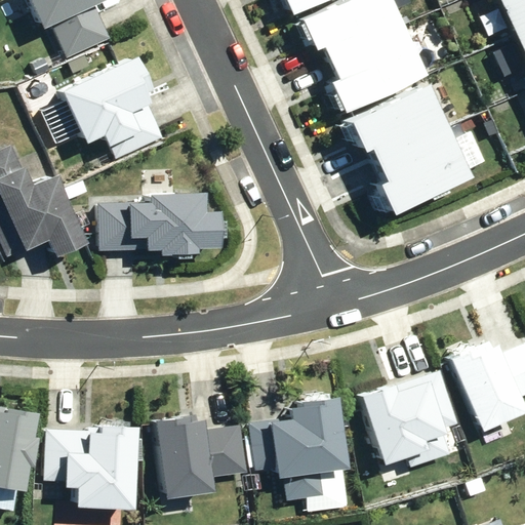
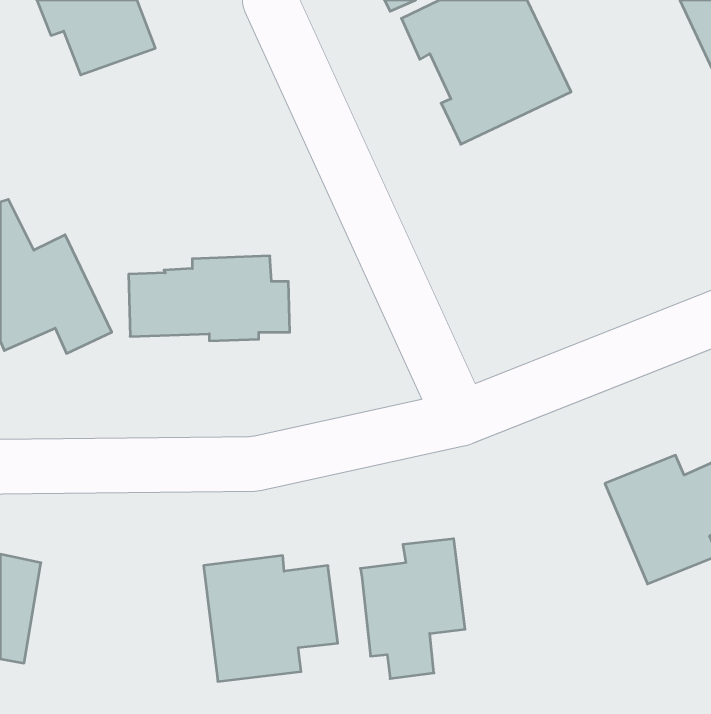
building: [59,50,167,161] -> none
building: [348,84,471,213] -> none
building: [364,380,454,463] -> none
building: [48,421,136,508] -> none

